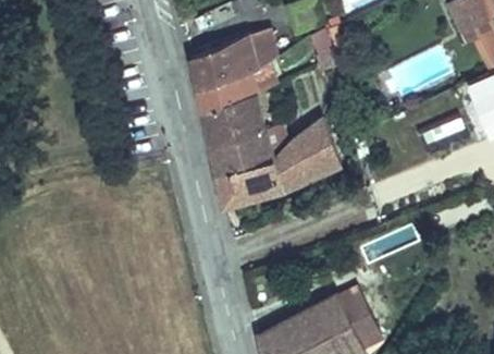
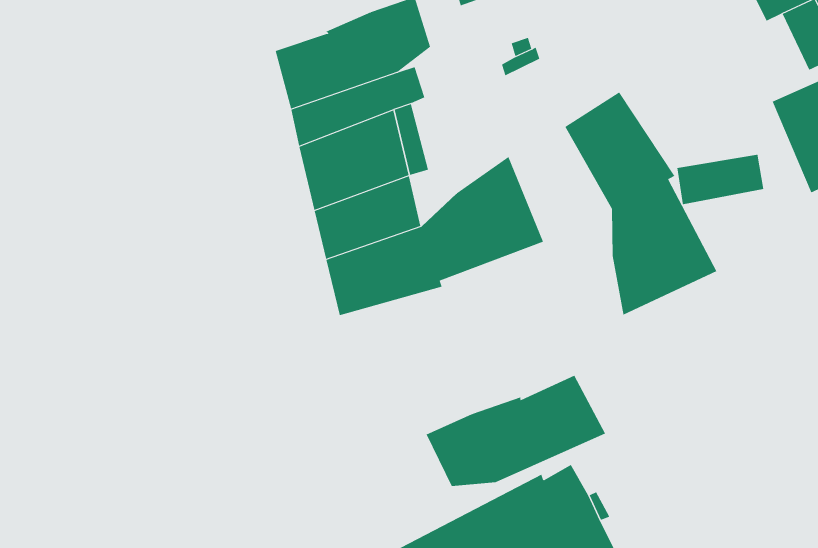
building: none -> [565,92,717,316]
building: none -> [426,375,606,487]

